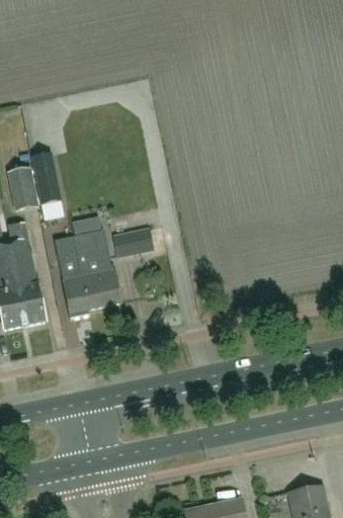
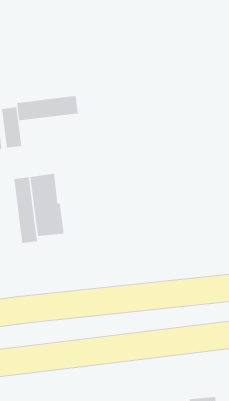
building: none -> [17,95,78,121]
building: [112,227,153,255] -> none

